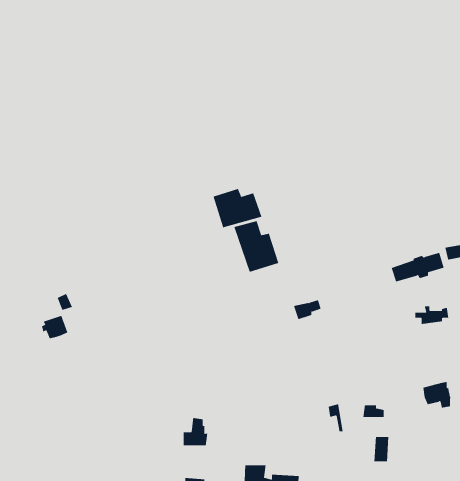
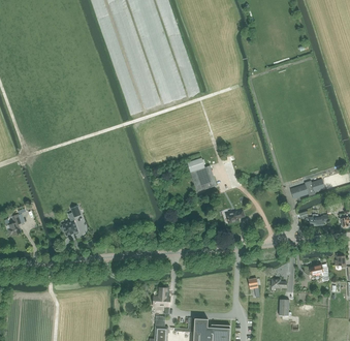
building: [213,188,262,228] -> none

